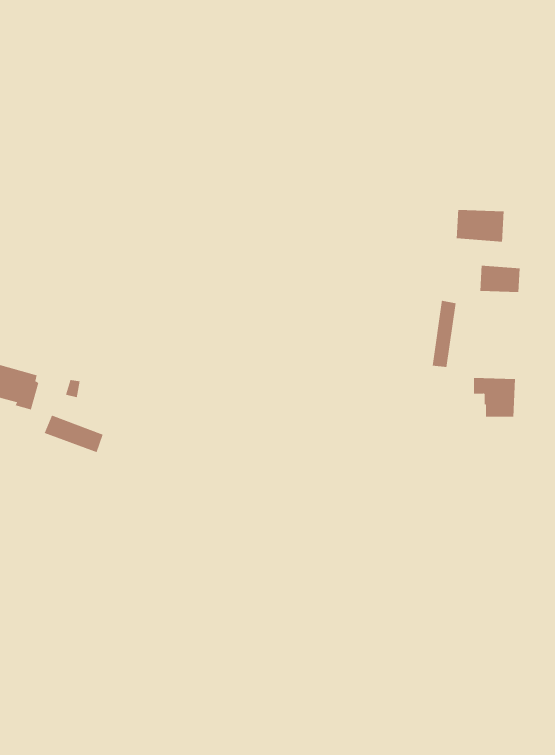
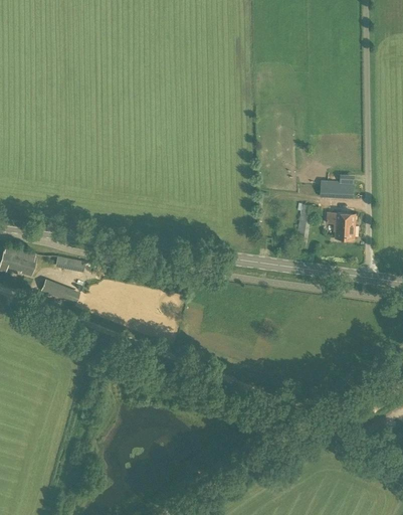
building: [456,209,504,242] -> none
building: [473,377,516,417] -> [327,212,355,238]

